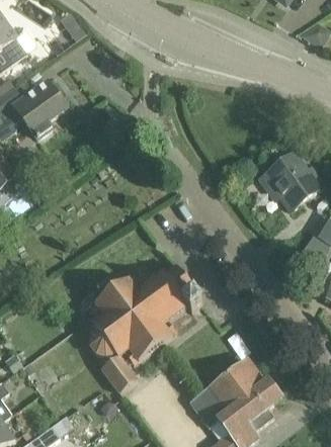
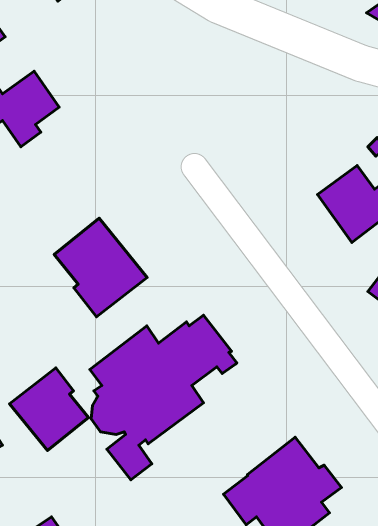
building: none -> [54,218,147,317]
building: none -> [9,368,89,450]

